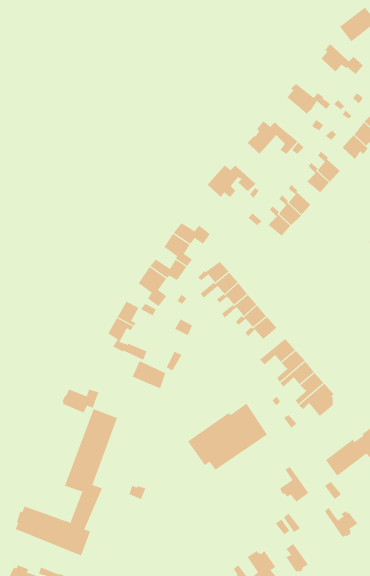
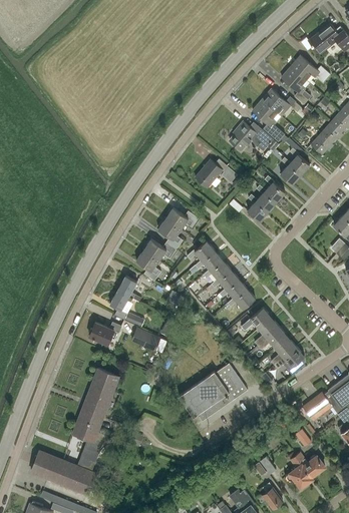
building: none -> [281,68,310,104]
building: none -> [252,101,278,137]
building: [62,389,99,413] -> [88,323,120,344]
building: [280,466,309,502] -> [286,456,311,487]

